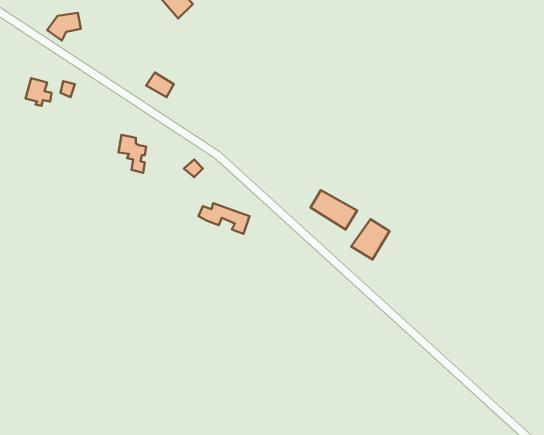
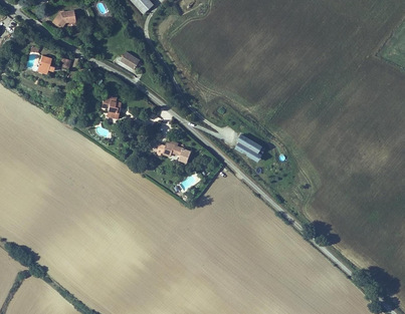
building: [351,219,389,260] -> none

